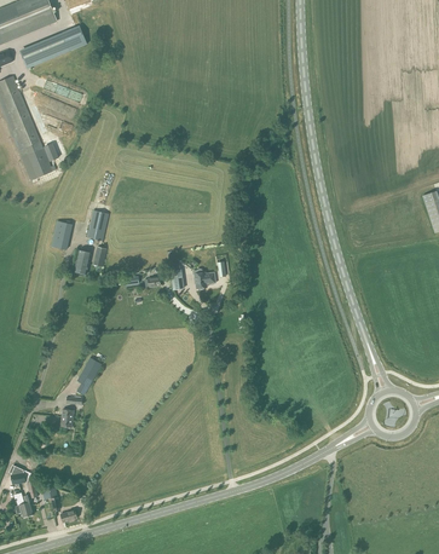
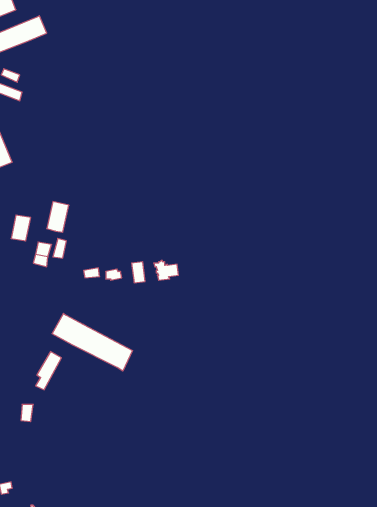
building: none -> [52,313,133,371]

